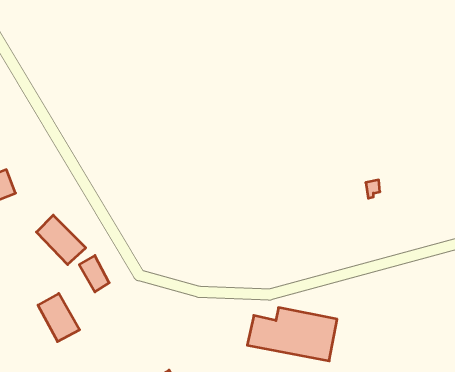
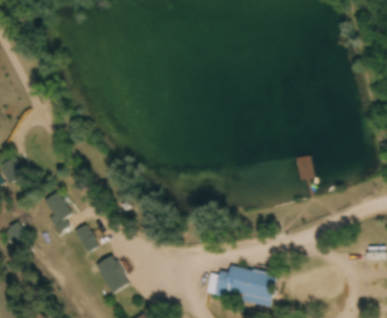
building: [38,293,80,342] -> [96,255,129,293]

